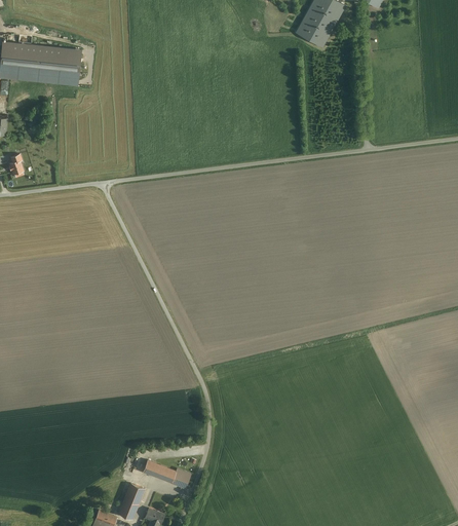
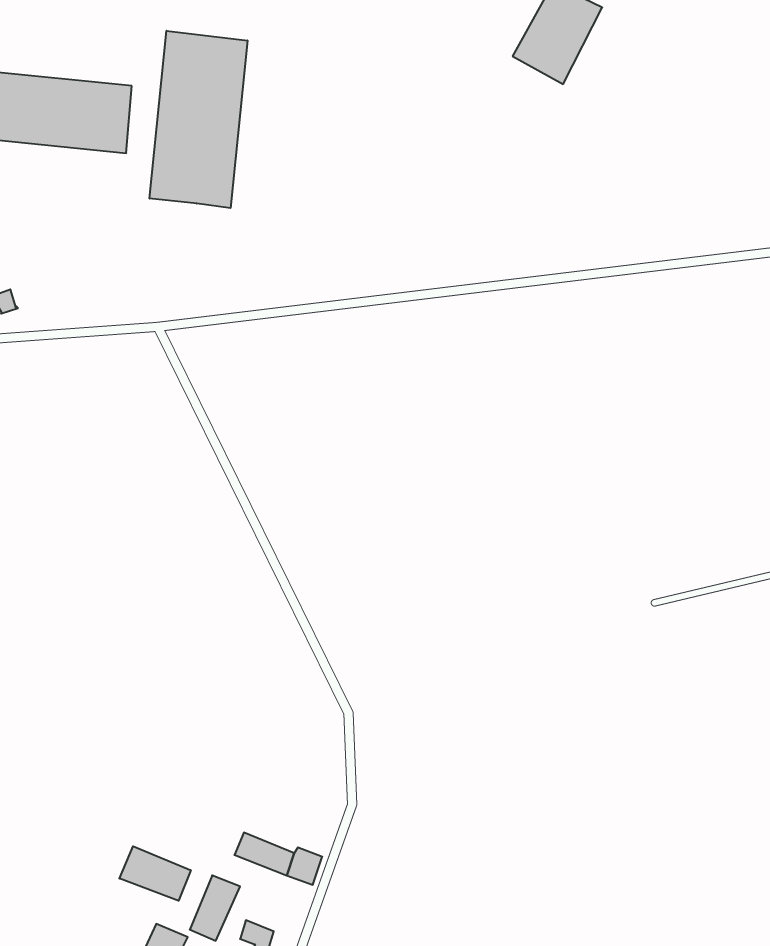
building: none -> [150,31,247,208]
building: none -> [119,846,191,901]

